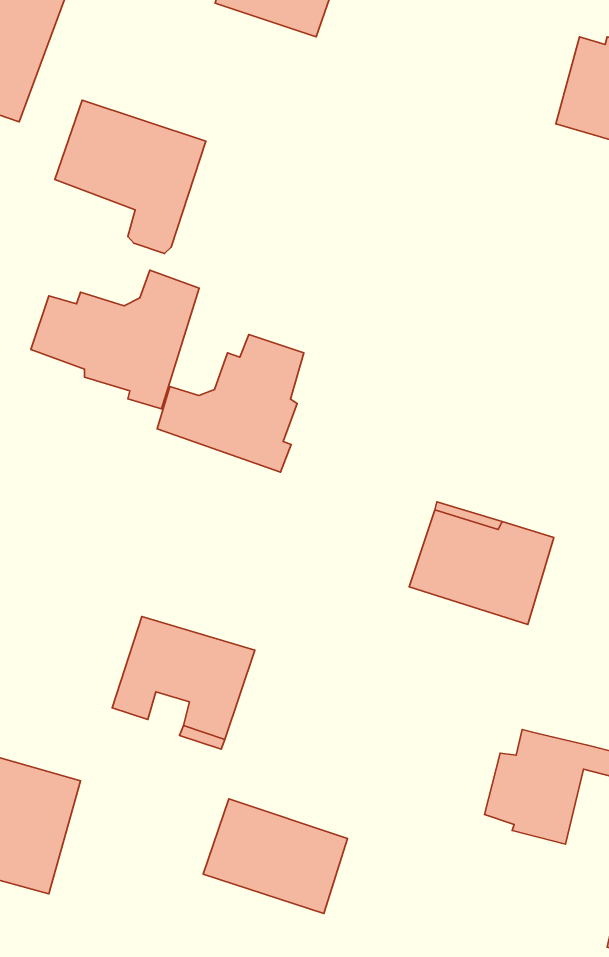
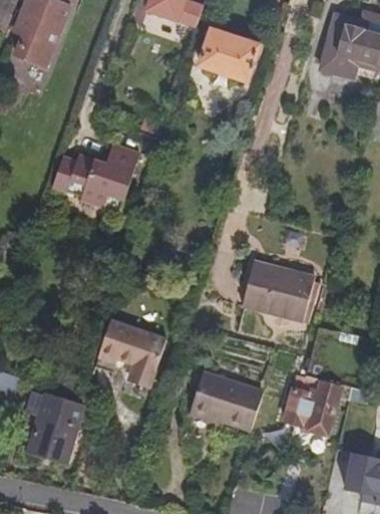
building: none -> [200,31,260,83]
building: [55,100,206,253] -> none
building: [157,334,304,472] -> none
building: [203,799,348,914] -> [192,363,265,422]

